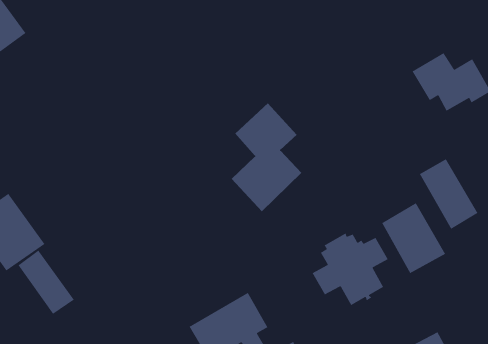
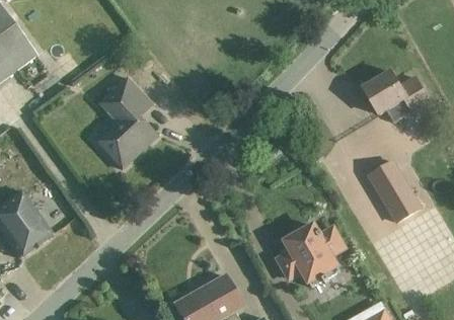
building: [231,102,302,212] -> [95,76,156,169]
building: [381,202,446,274] -> none
building: [17,250,75,315] -> none

